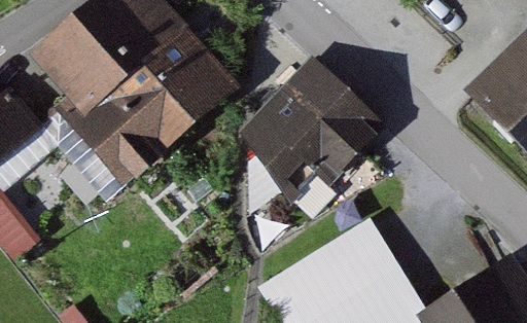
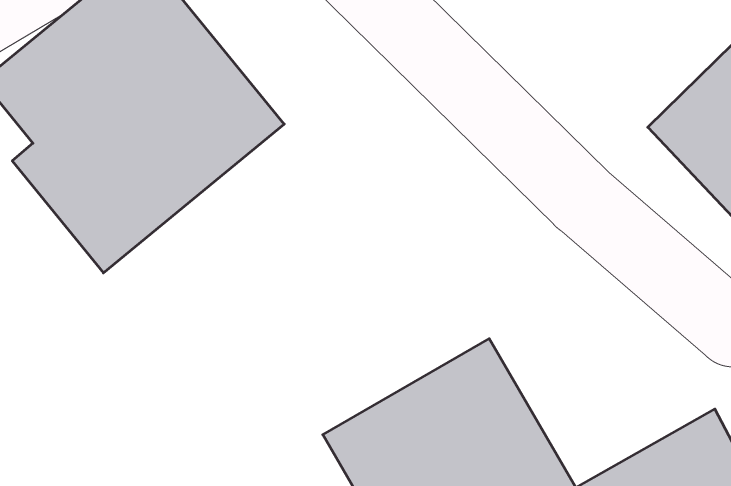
building: [246,78,366,194] -> none

